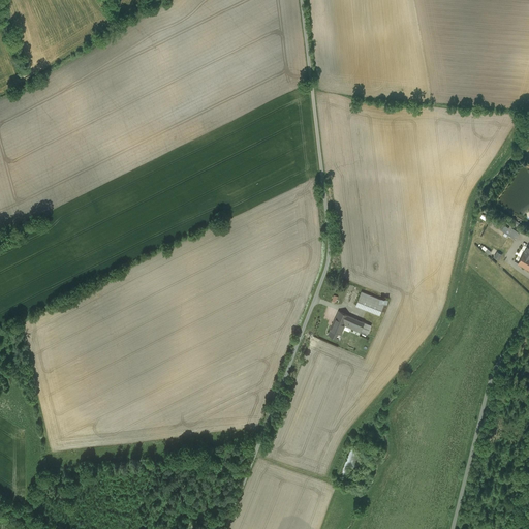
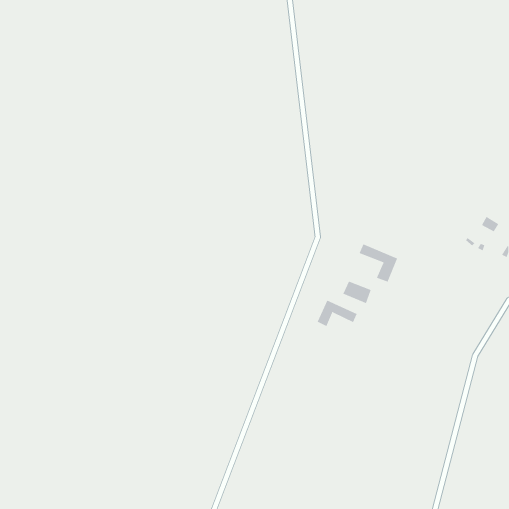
building: none -> [359,244,398,282]

